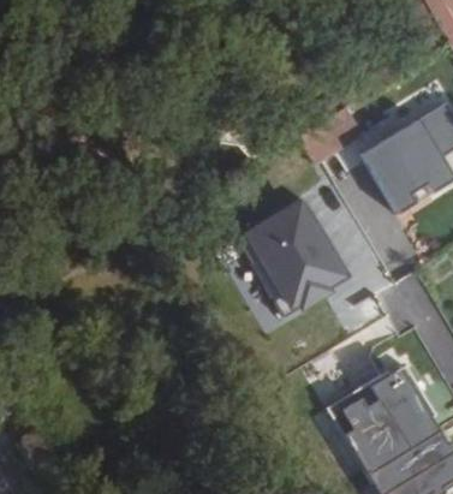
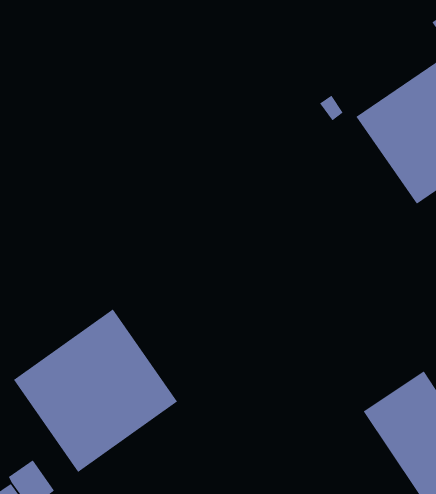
building: [243,192,351,310] -> none
building: none -> [13,308,178,473]

